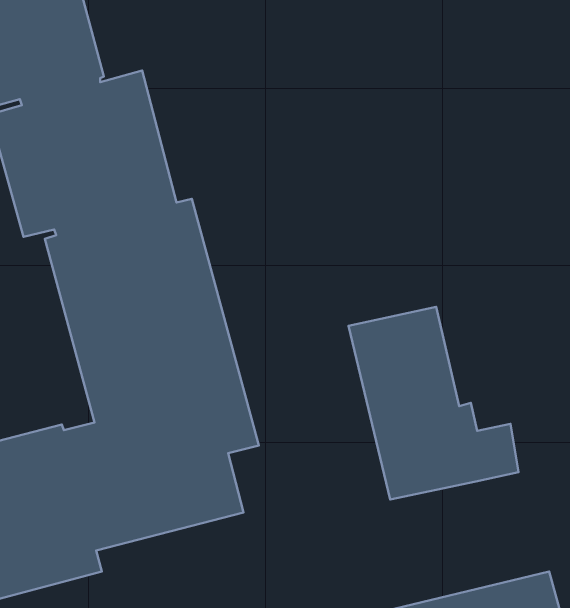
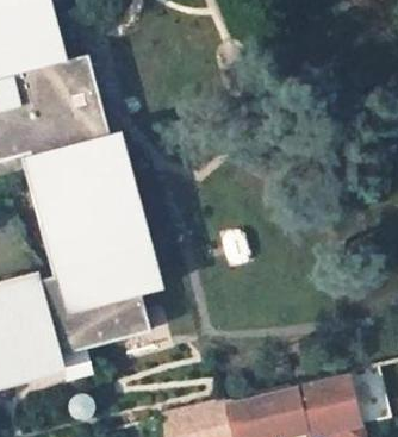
building: [348,307,519,500] -> none

